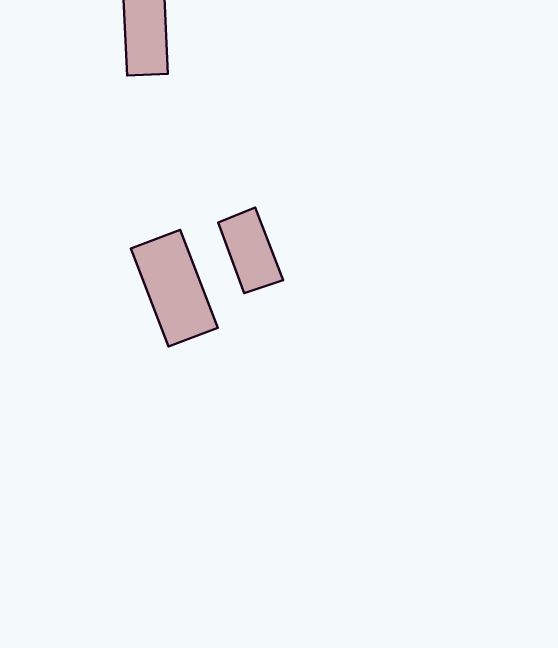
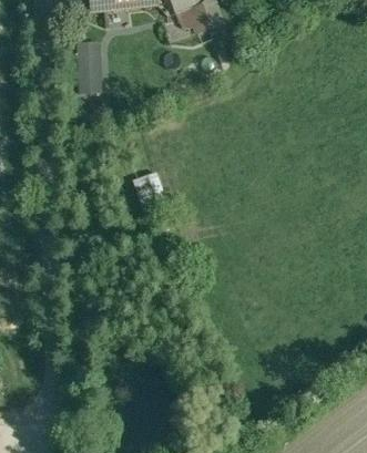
building: [131,230,218,347] -> none

